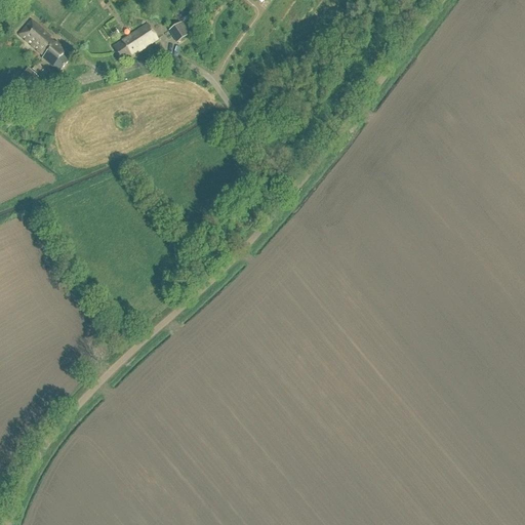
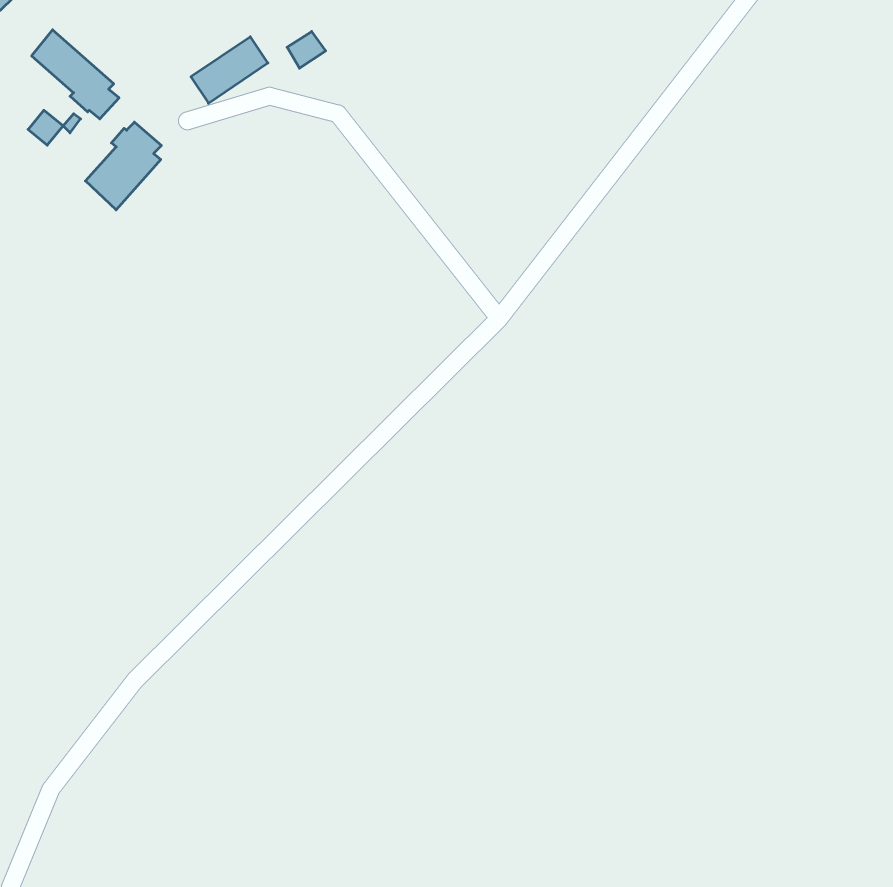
building: none -> [85,122,161,210]

